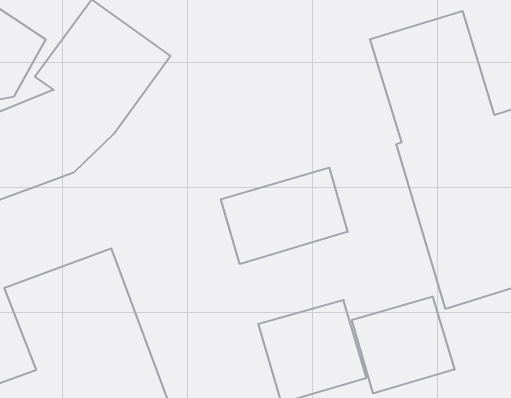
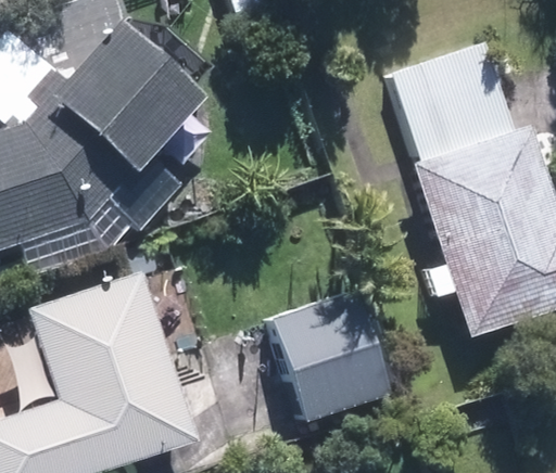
building: [221,168,348,264] -> none
building: [352,296,455,393] -> none

